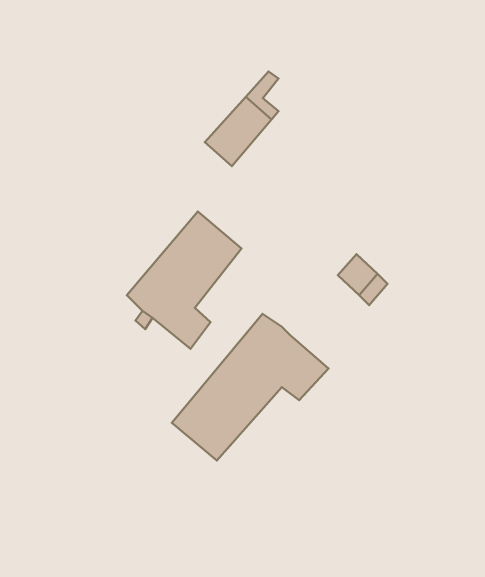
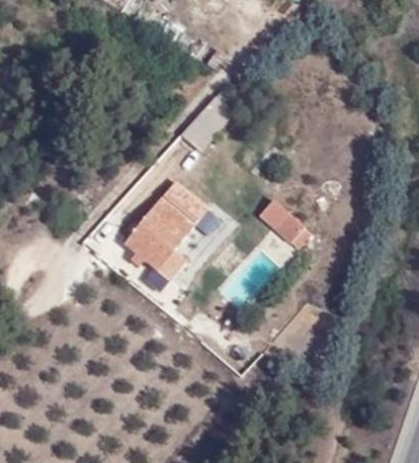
building: [172,314,329,461] -> none

